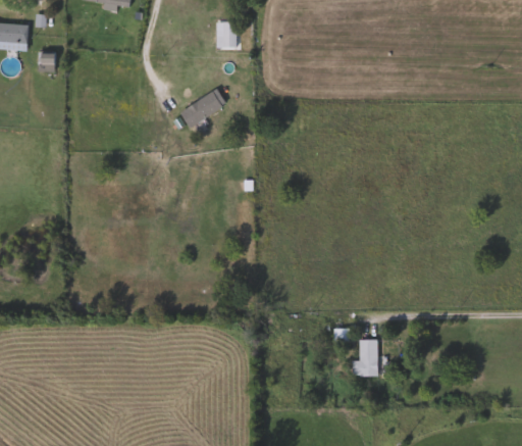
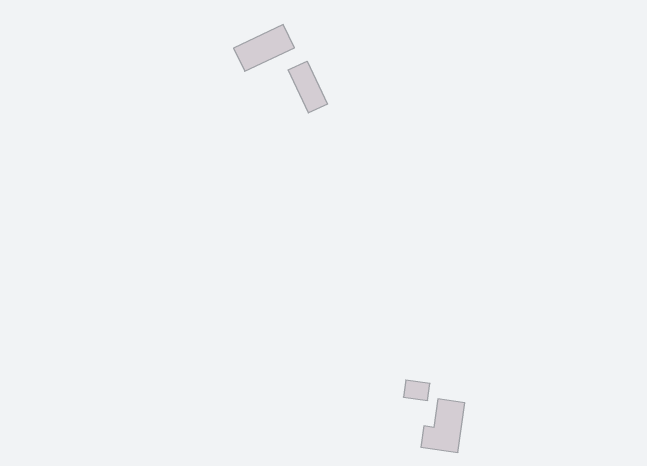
building: none -> [288,61,327,113]

